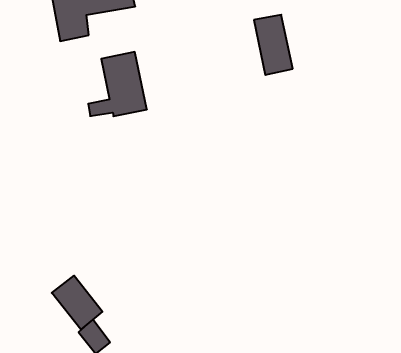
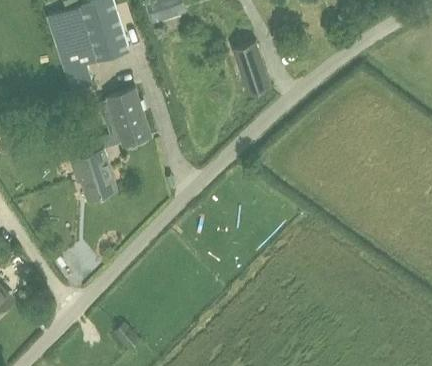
building: none -> [70,139,116,200]
building: [52,276,102,329] -> none

